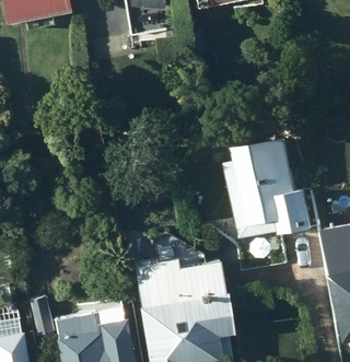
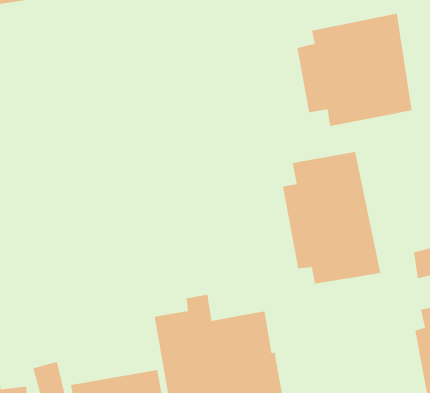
building: none -> [297,13,412,127]

